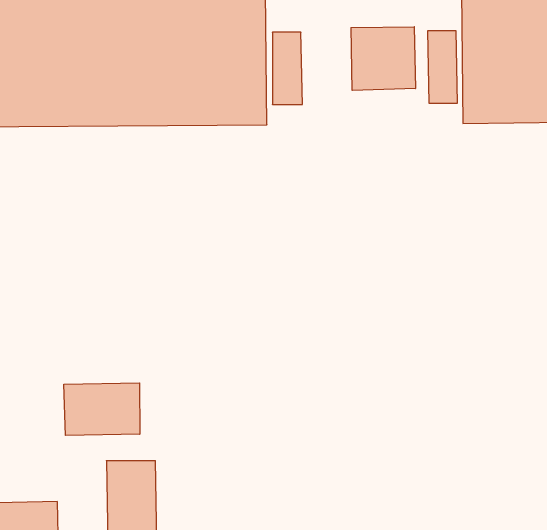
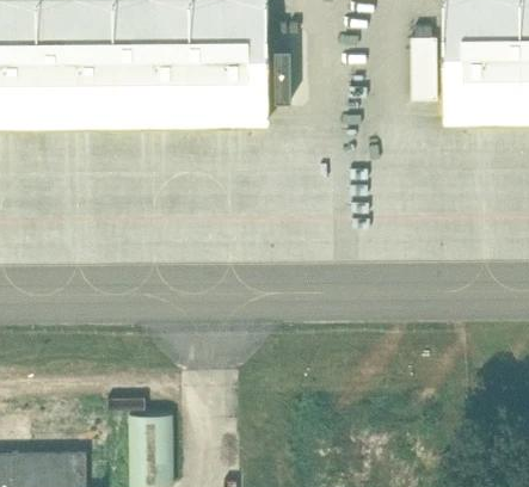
building: [351,27,415,90] -> none
building: [64,383,140,435] -> none

